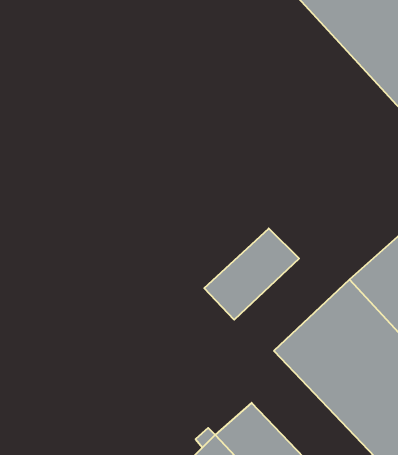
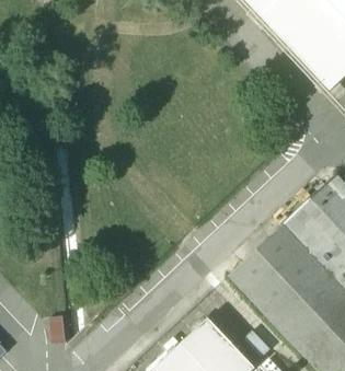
building: [204,228,299,320] -> none

